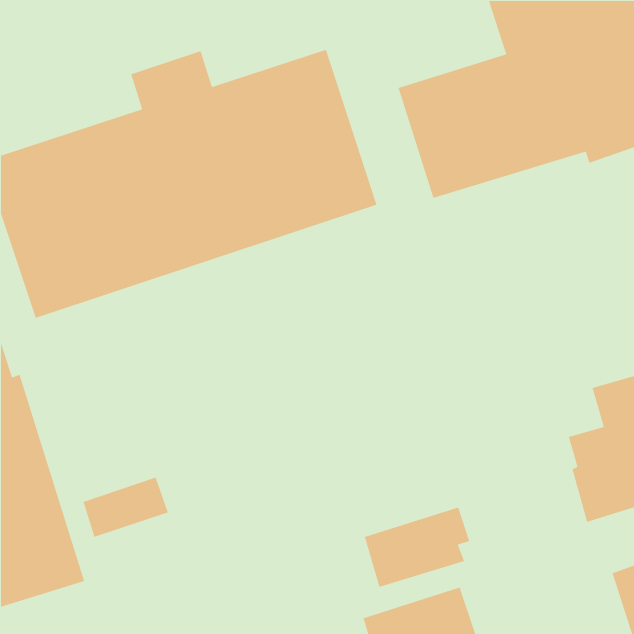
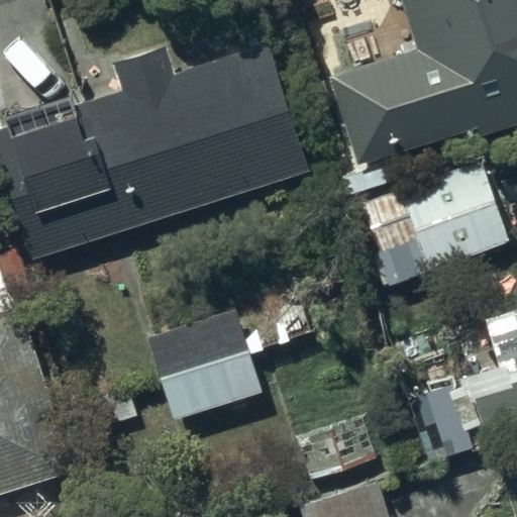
building: none -> [361,163,511,272]
building: none -> [147,310,264,422]

